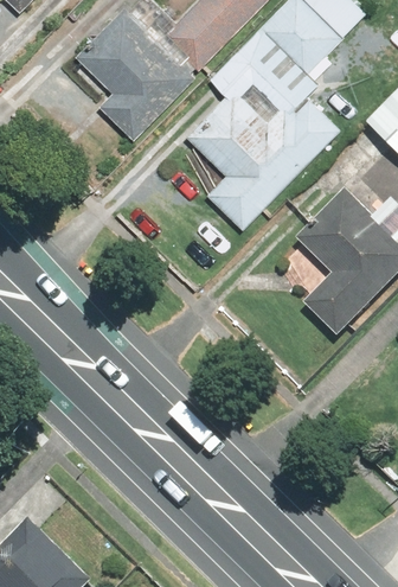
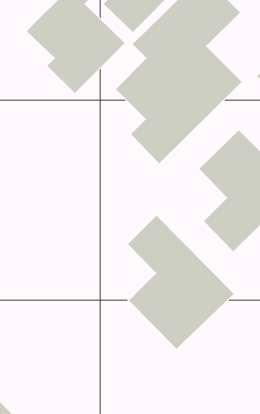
building: none -> [127,215,234,349]

